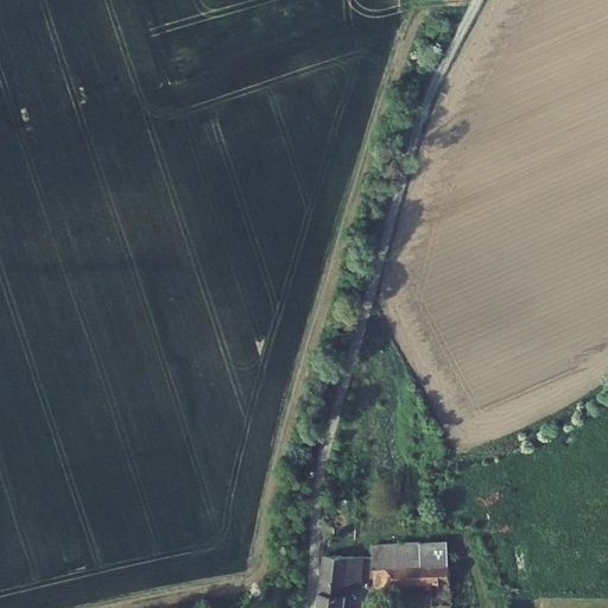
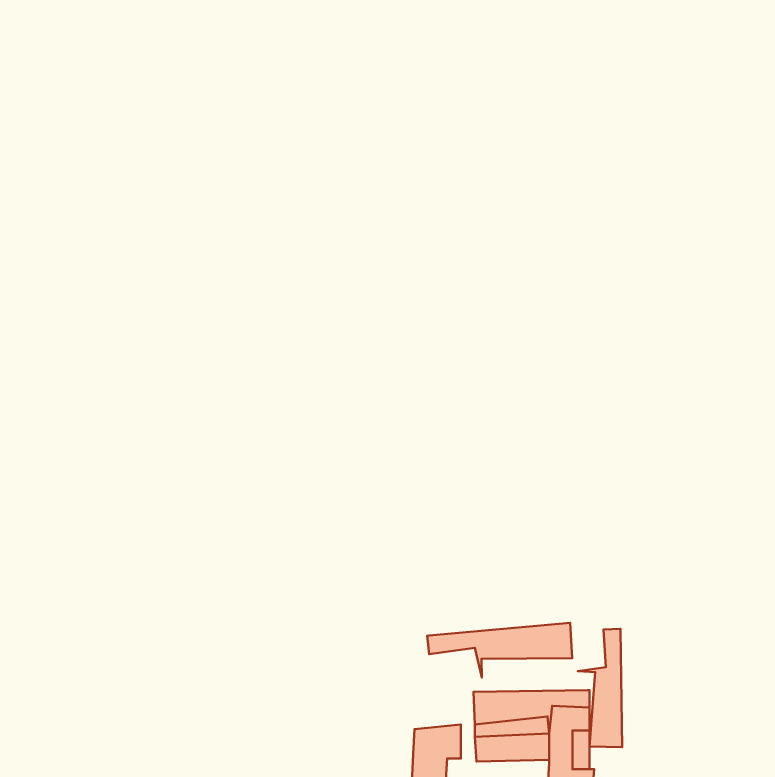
building: none -> [427,623,572,677]
building: none -> [578,629,622,747]

